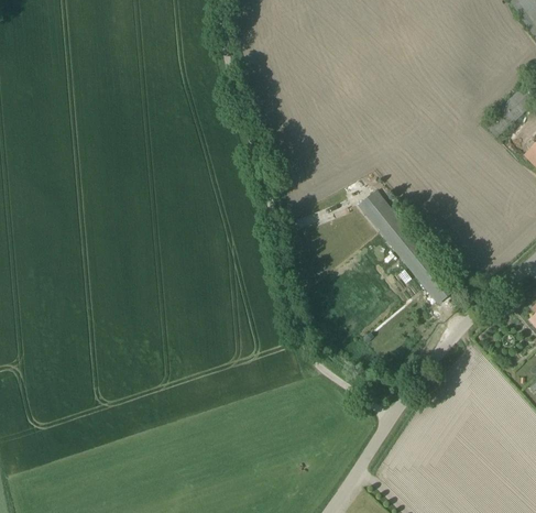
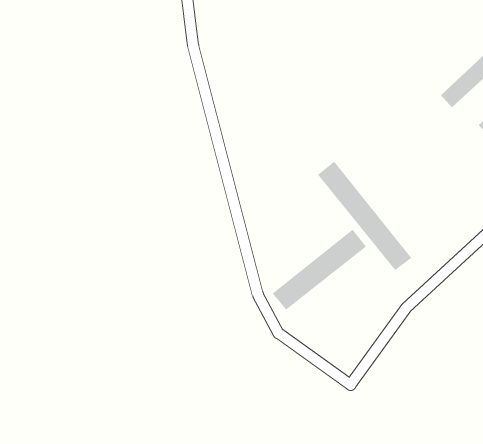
building: none -> [272,229,367,310]

